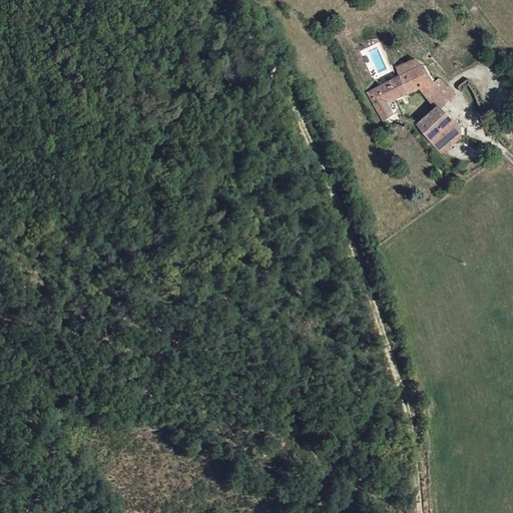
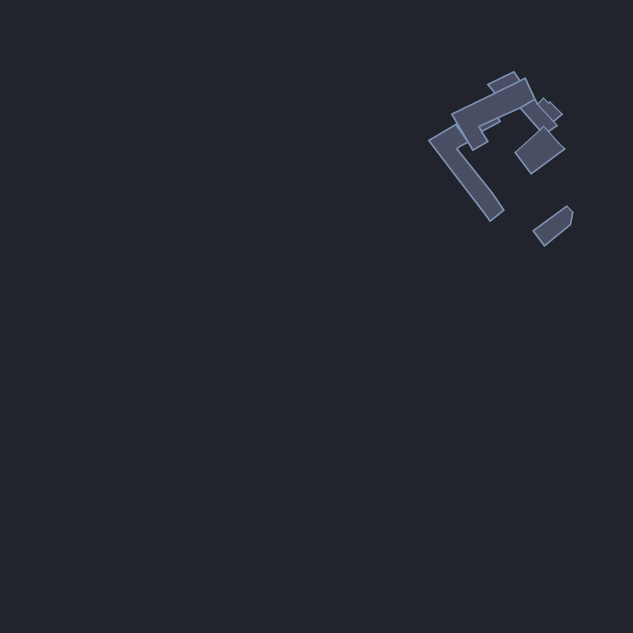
building: none -> [429,125,504,221]
building: [429,120,461,152] -> [533,206,573,246]

